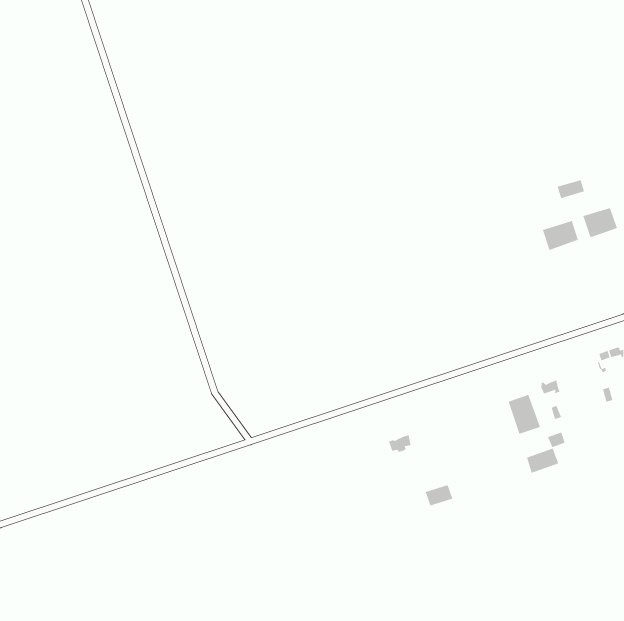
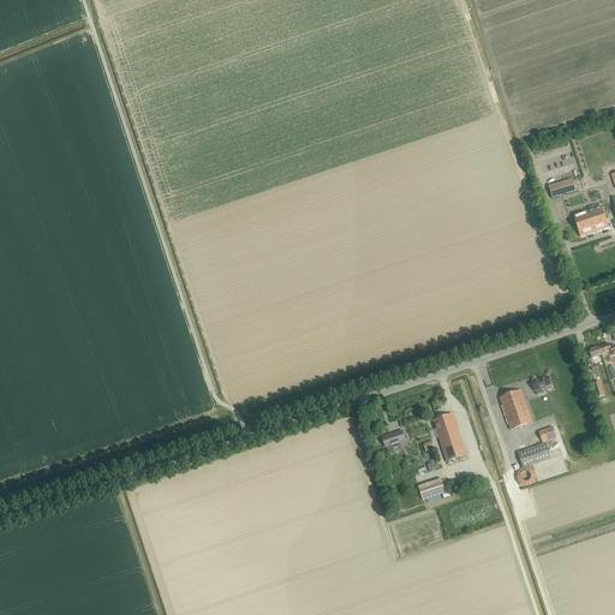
building: [542,220,578,251] -> none
building: none -> [432,412,466,459]

